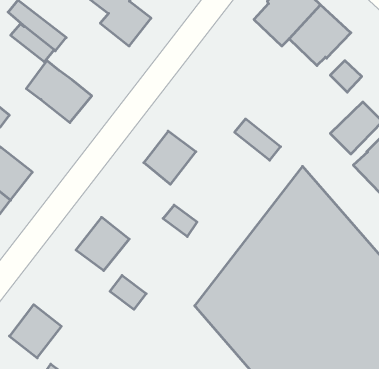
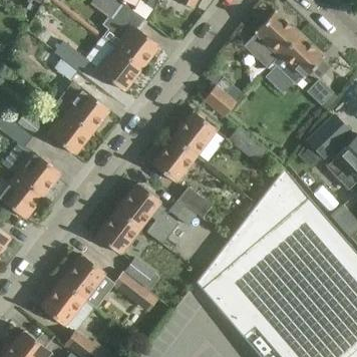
building: none -> [96,49,140,90]
building: none -> [204,77,243,116]
building: none -> [172,111,216,155]
building: none -> [47,112,91,154]
building: none -> [117,183,178,244]
building: none -> [177,187,212,218]
building: none -> [61,255,105,300]
building: none -> [112,272,150,306]

